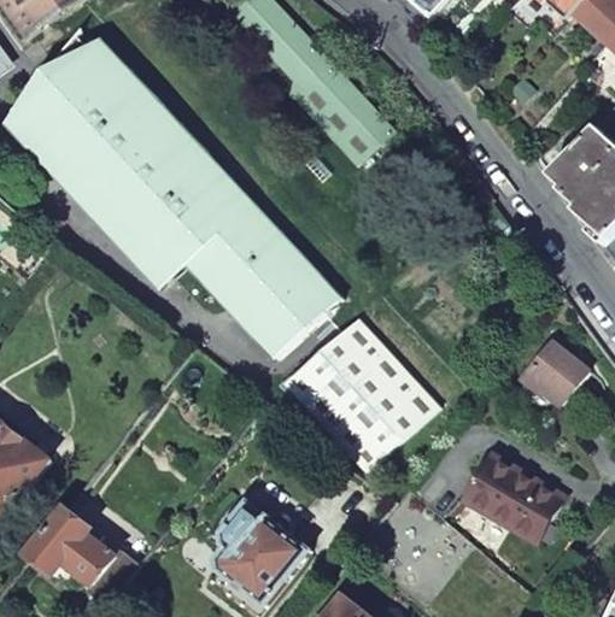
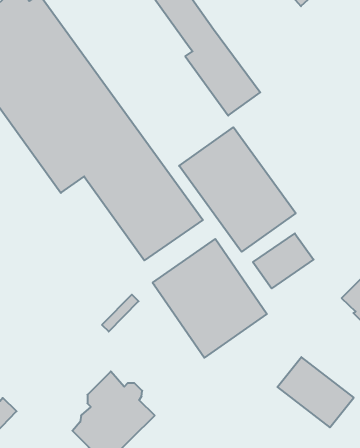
building: none -> [179,127,296,252]
building: none -> [253,233,314,288]

